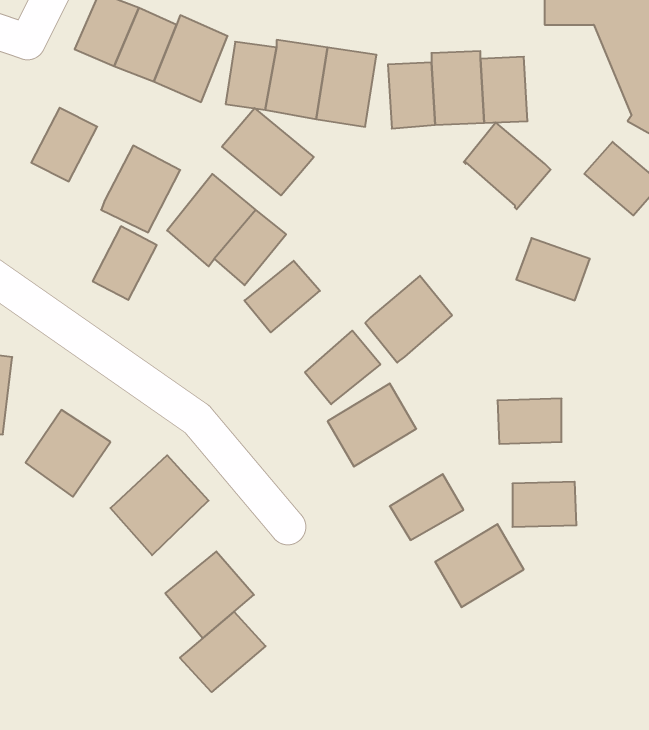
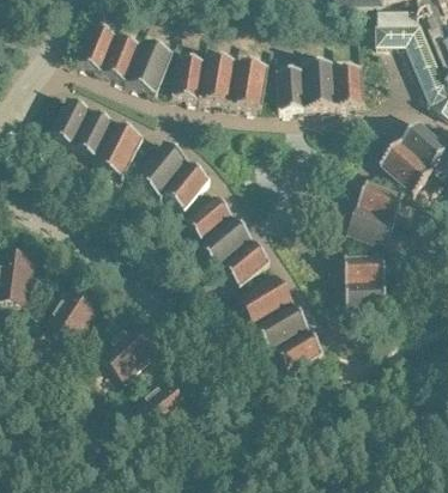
building: [222,108,314,195] -> none
building: [464,122,551,209] -> [380,139,435,194]
building: [93,226,157,300] -> [73,109,114,156]
building: [365,276,452,363] -> [198,213,253,268]
building: none -> [347,206,394,246]
building: [512,482,577,527] -> [345,254,386,282]
building: [435,524,524,607] -> [254,300,310,353]
building: [180,612,266,692] -> none

